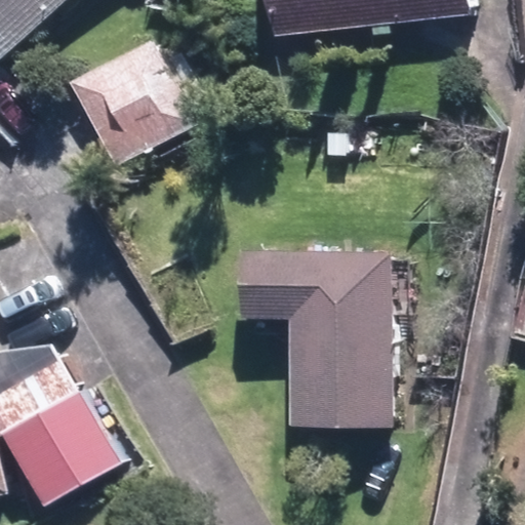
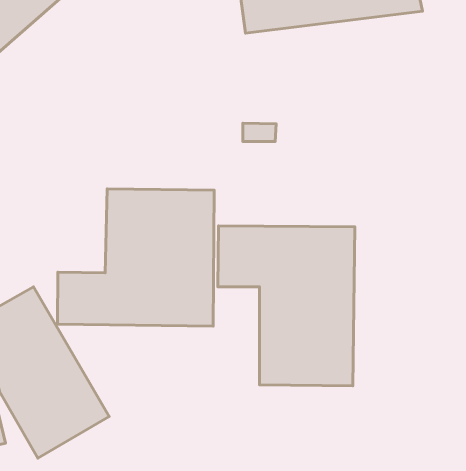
building: [69,40,208,165] -> none
building: none -> [58,189,214,326]

